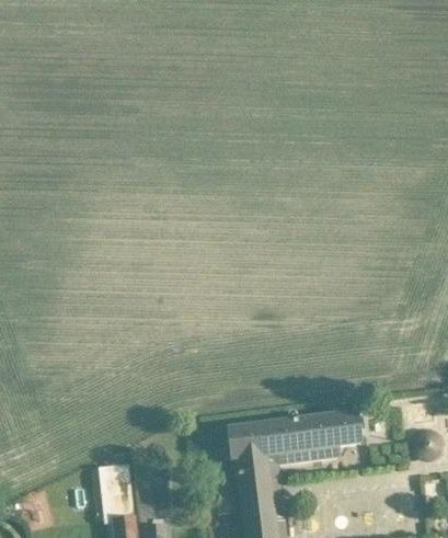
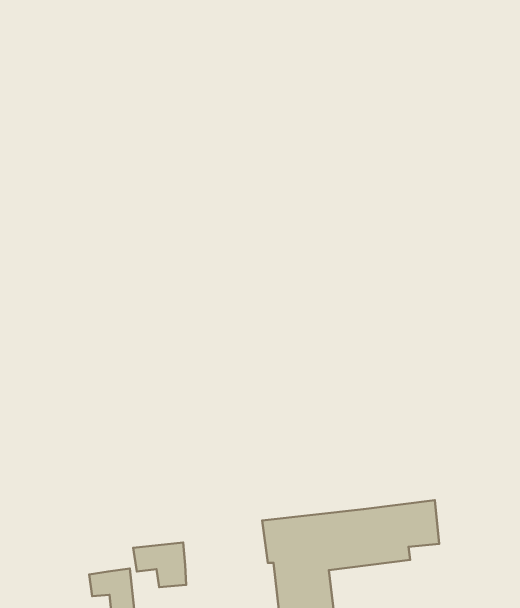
building: none -> [133,542,186,587]

